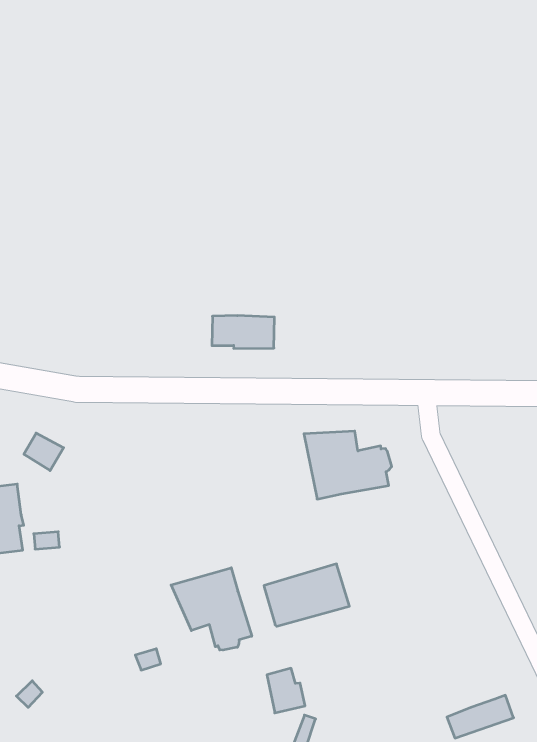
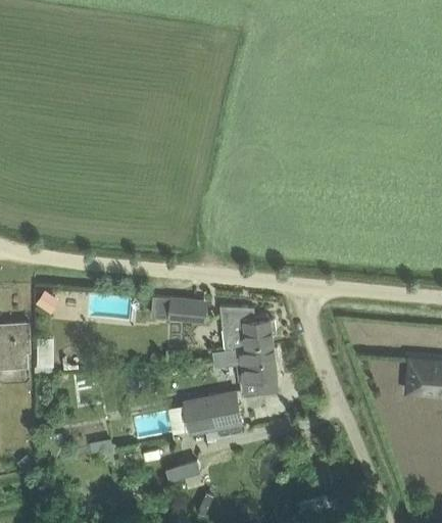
building: [212,316,274,348] -> [151,296,194,321]
building: none -> [225,344,279,396]
building: [171,568,252,650] -> none

